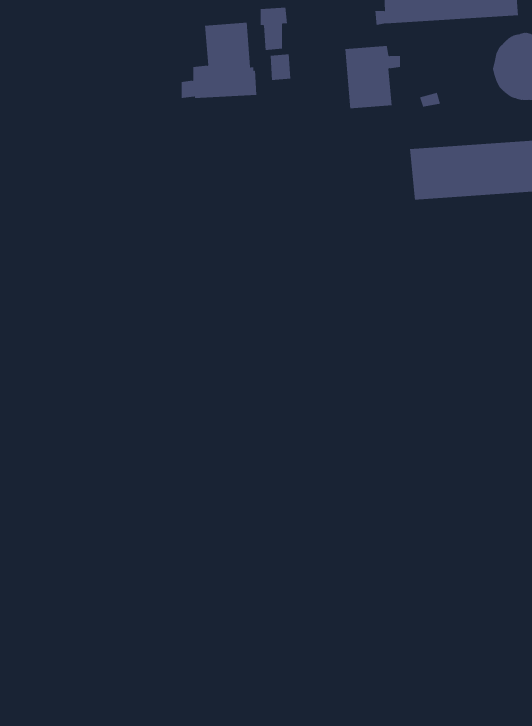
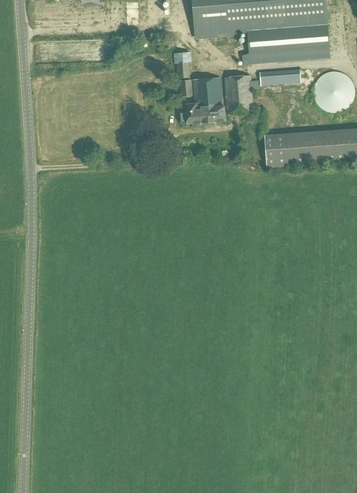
building: [181,22,257,99] -> [179,76,225,122]
building: none -> [259,69,300,85]

